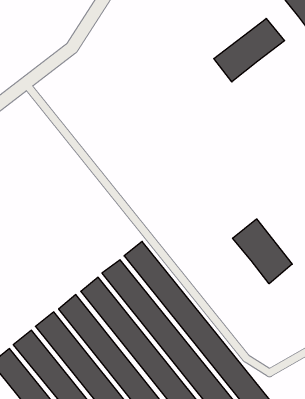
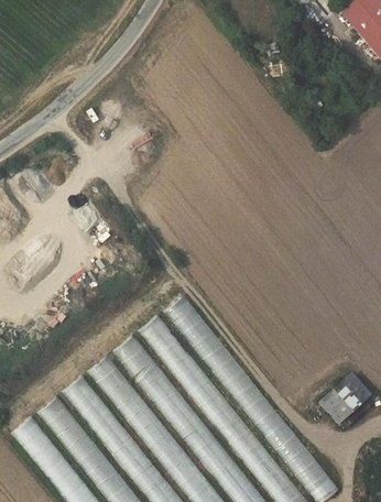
building: [214,18,285,82] -> none
building: [233,219,292,284] -> none
building: none -> [315,376,362,424]

